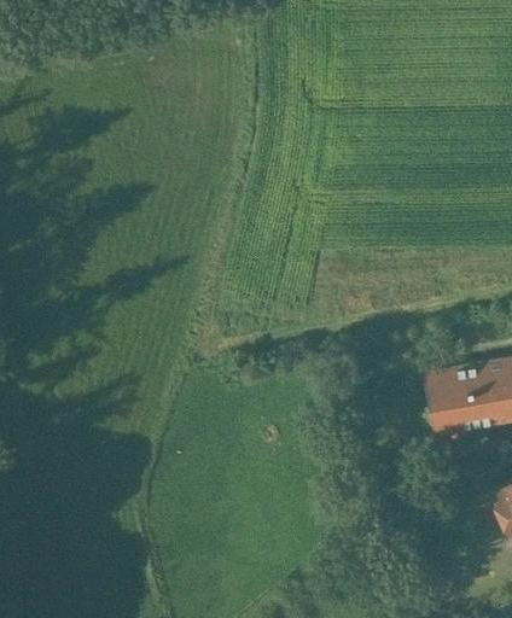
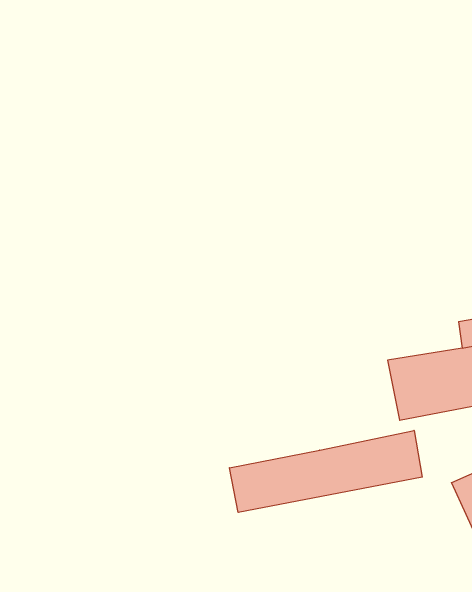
building: none -> [229,430,422,512]

